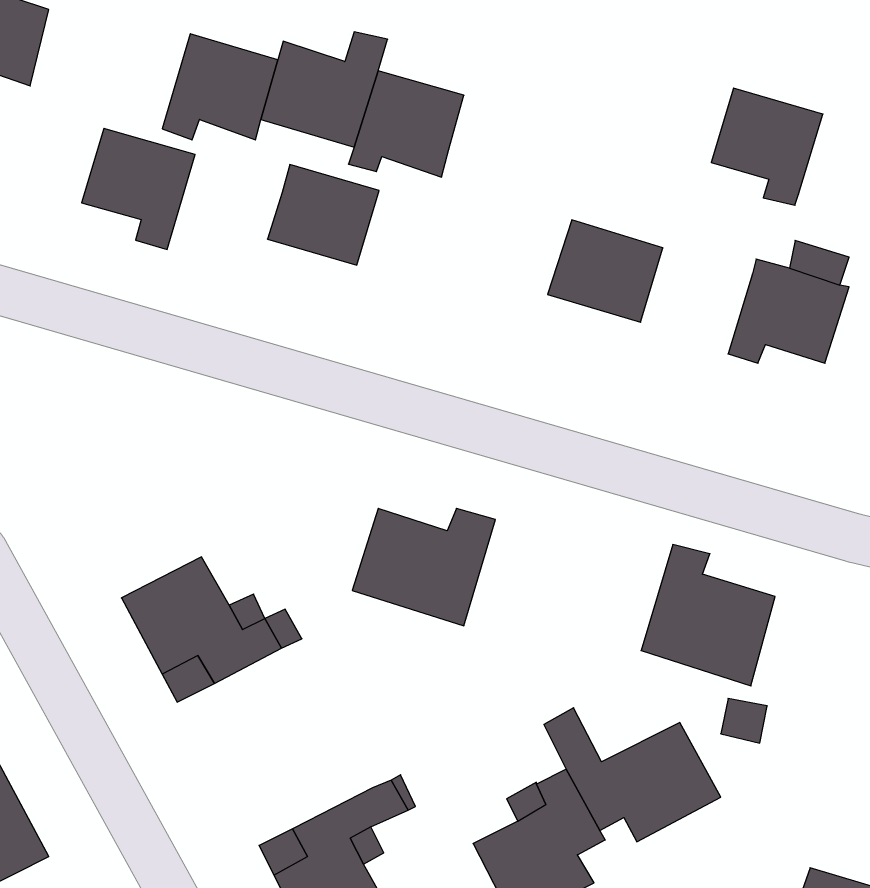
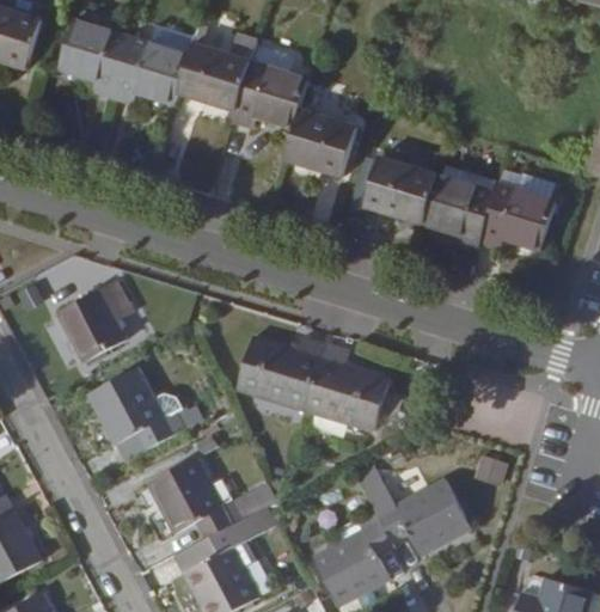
building: [711,88,823,205] -> [420,173,491,249]
building: [82,128,195,249] -> [57,19,130,97]
building: [267,165,379,265] -> [282,110,354,175]
building: none -> [56,283,134,365]
building: [641,545,775,686] -> [306,348,392,439]
building: none -> [148,460,247,541]

